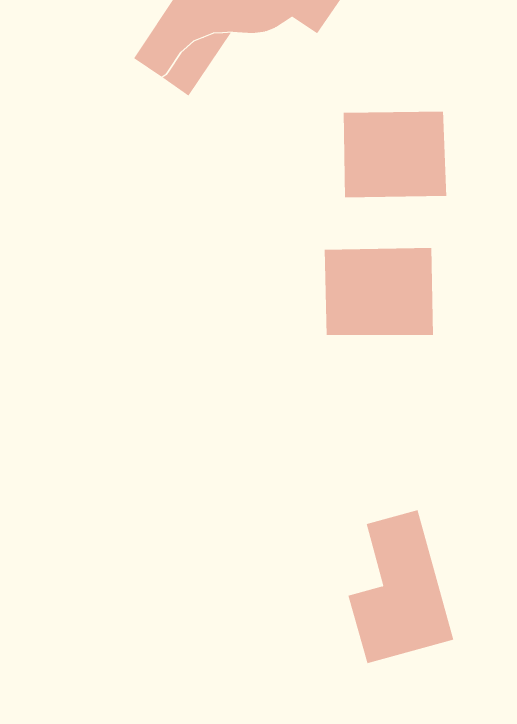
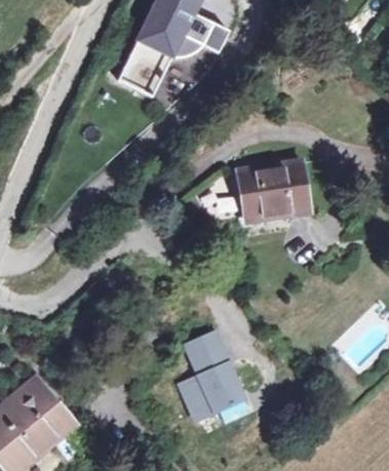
building: [343,111,447,198] -> none
building: [347,509,454,664] -> [176,330,238,420]

